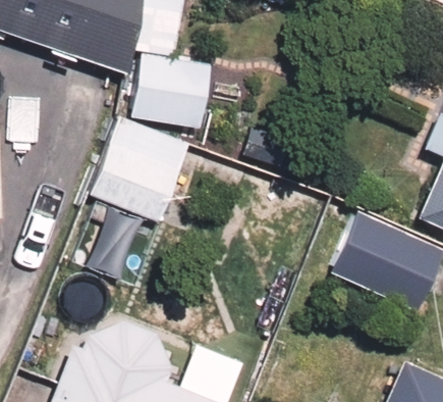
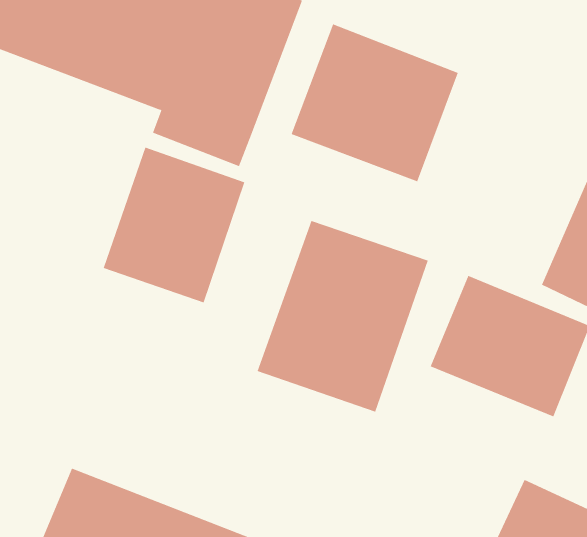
building: none -> [291,23,459,182]
building: none -> [257,220,428,413]

